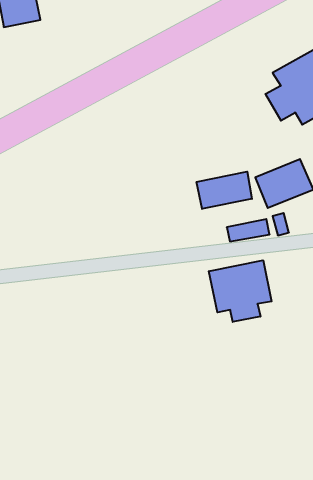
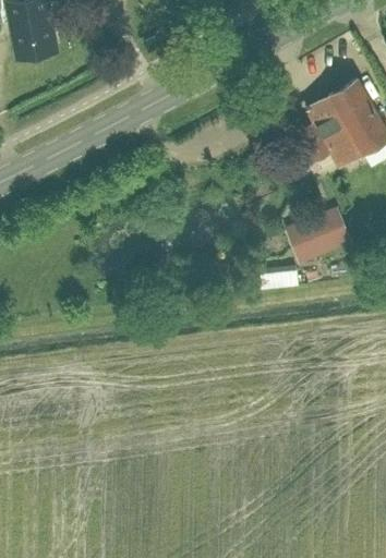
building: [197,172,252,209] -> none
building: [209,260,272,322] -> none

